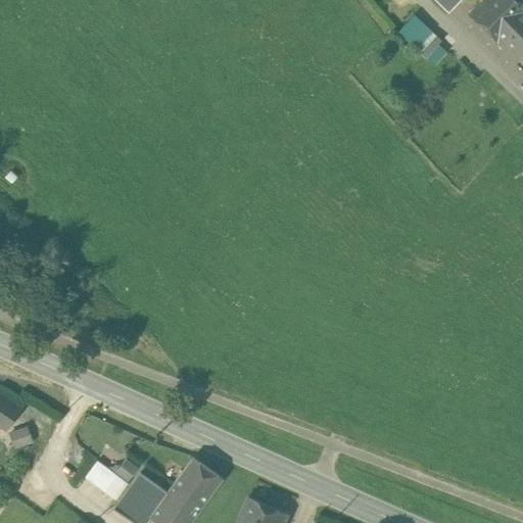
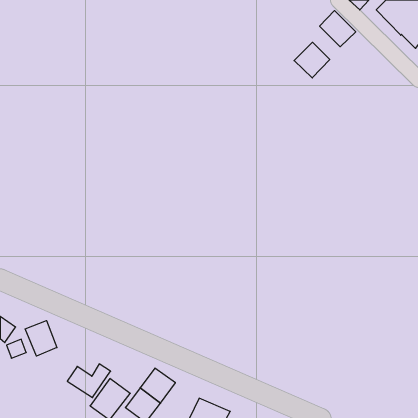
building: none -> [294,42,330,78]
building: none -> [25,321,57,356]

